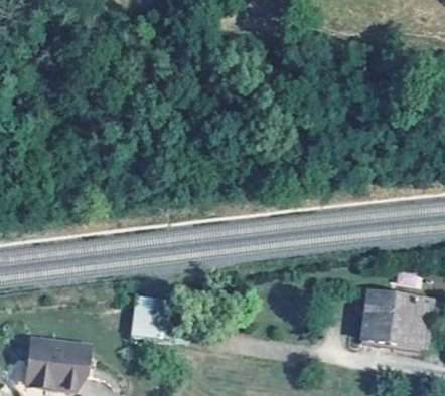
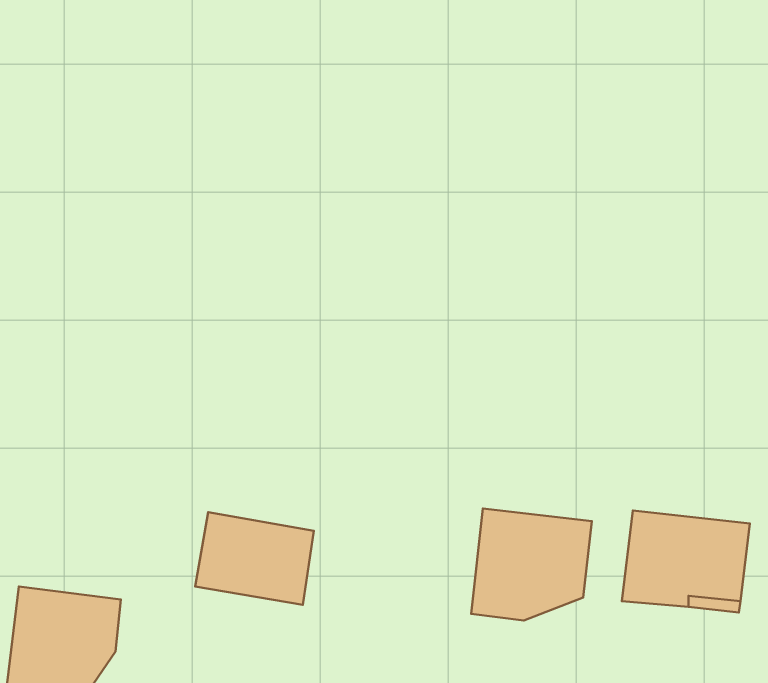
building: none -> [471,509,592,621]

